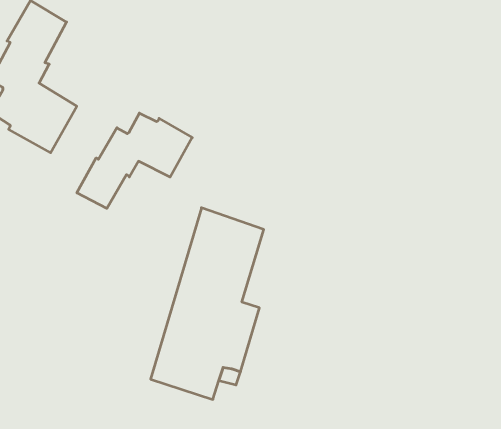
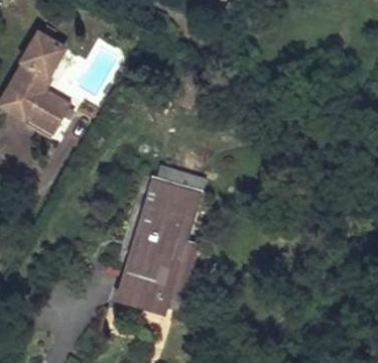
building: [77,113,192,208] -> none

